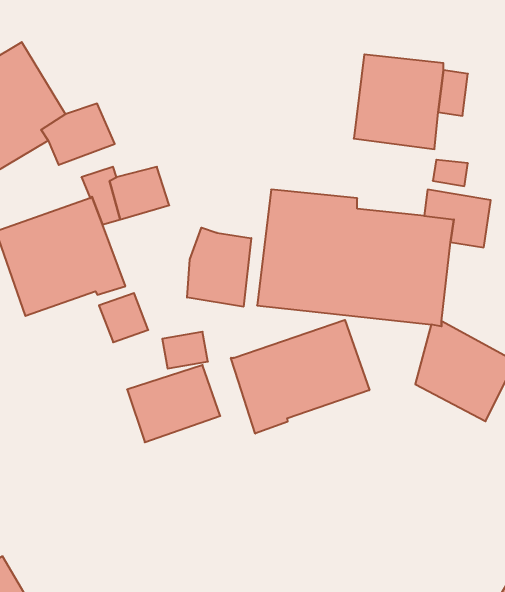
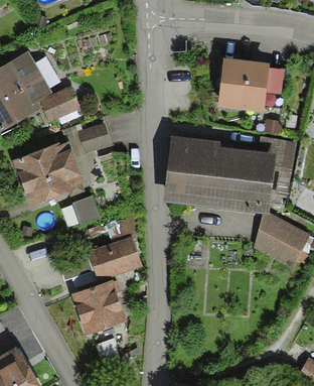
building: [187,228,251,307] -> none
building: [231,320,369,434] -> none
building: none -> [71,278,128,336]

